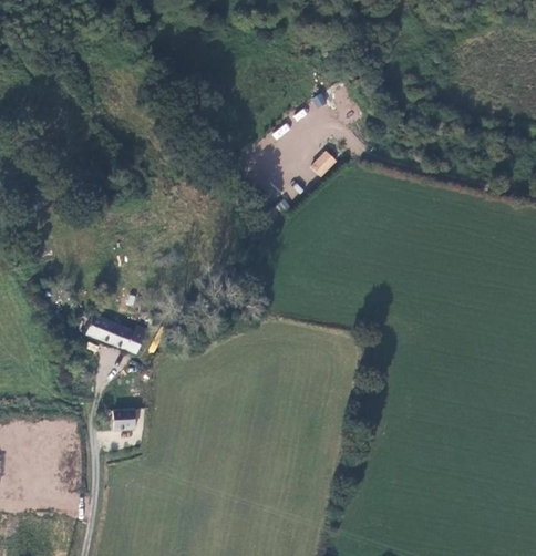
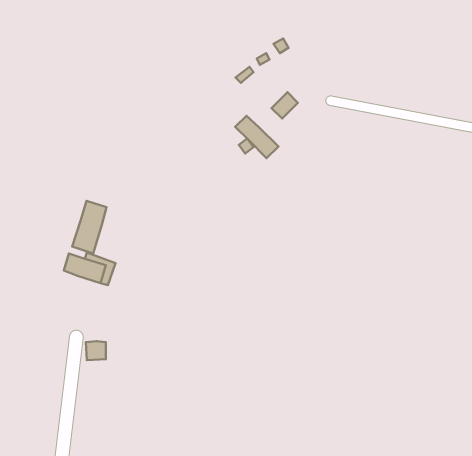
building: none -> [235,116,279,158]
building: none -> [72,201,106,254]

